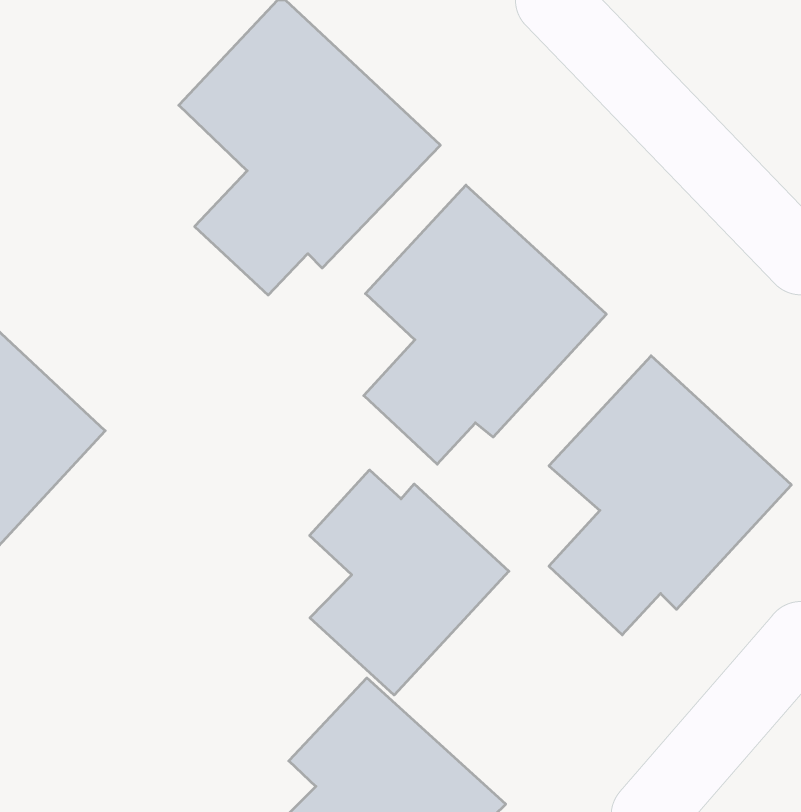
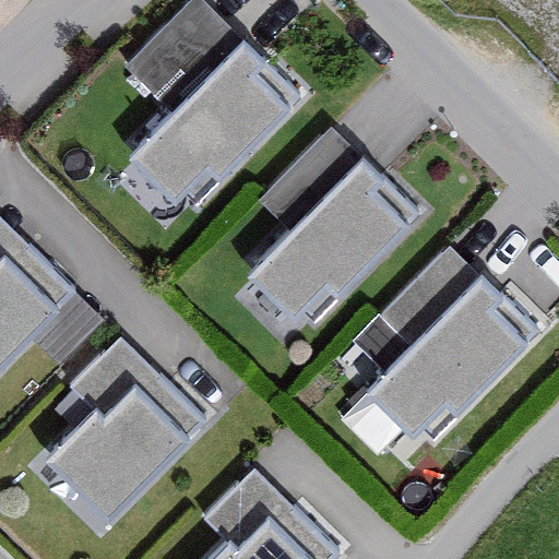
building: [310,470,509,695] -> none
building: none -> [35,333,210,526]

